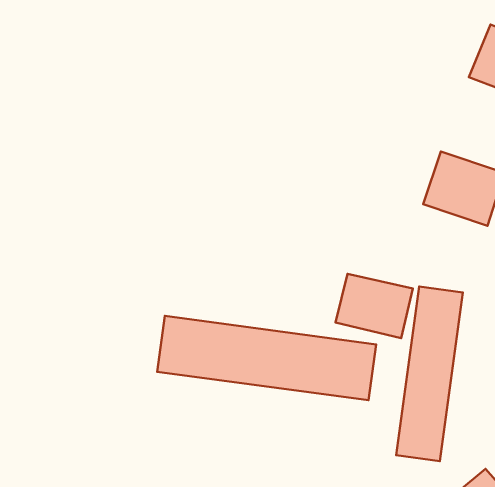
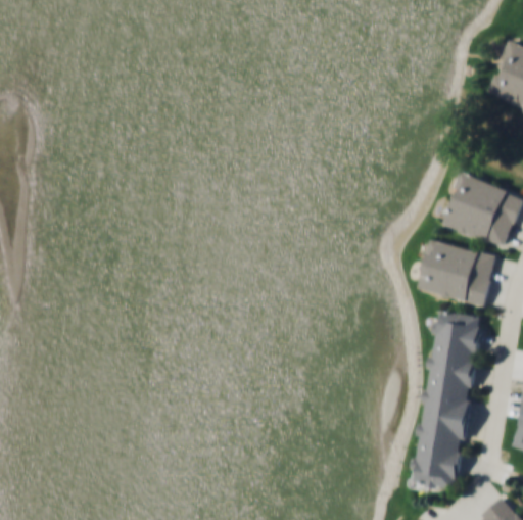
building: [336,274,413,338] -> [417,240,496,306]
building: [157,316,376,400] -> none

